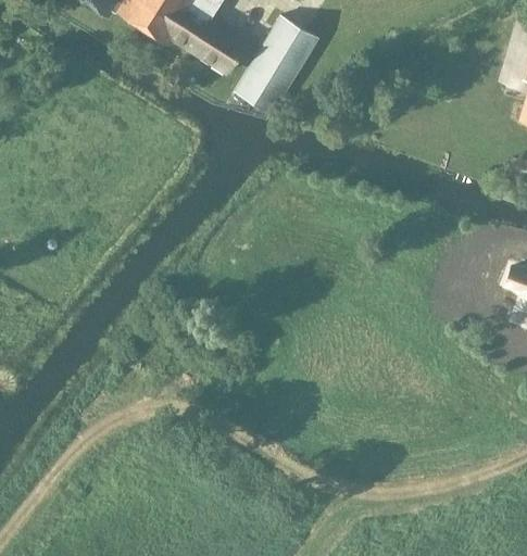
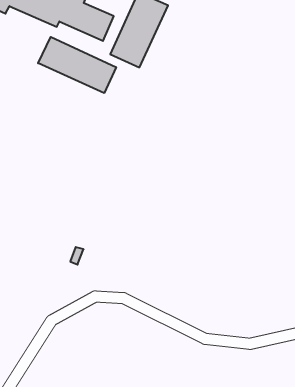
building: none -> [38,37,116,93]

